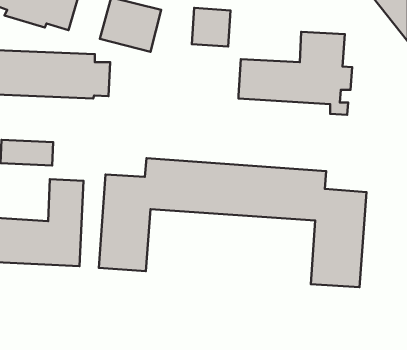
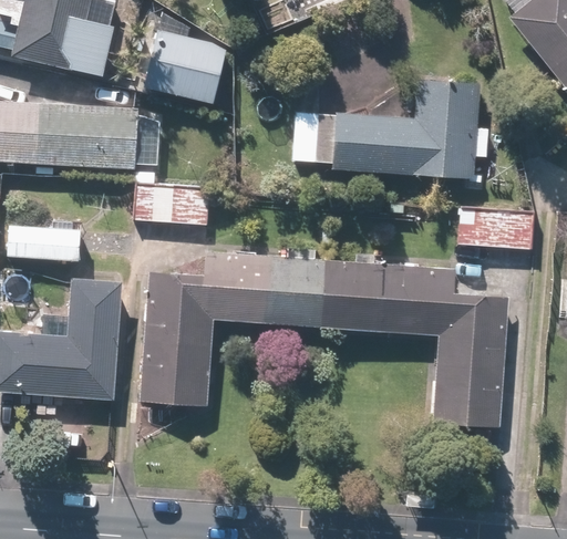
building: [192,8,230,47] -> [284,111,337,164]
building: none -> [134,184,208,224]
building: none -> [458,209,535,249]

